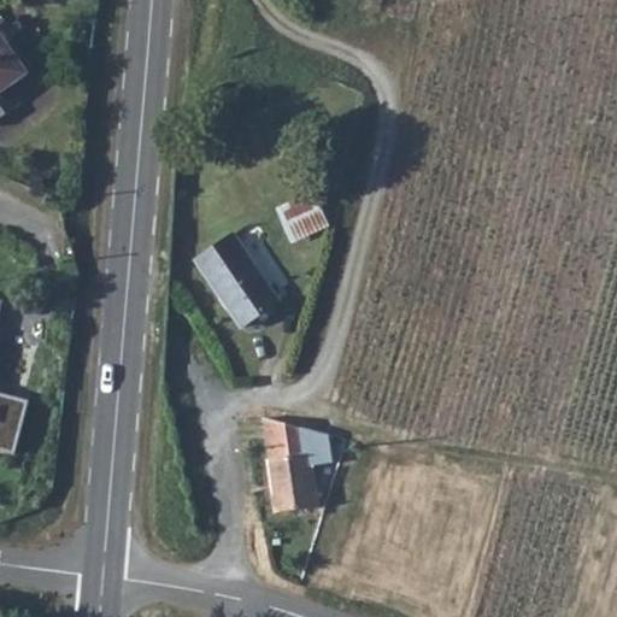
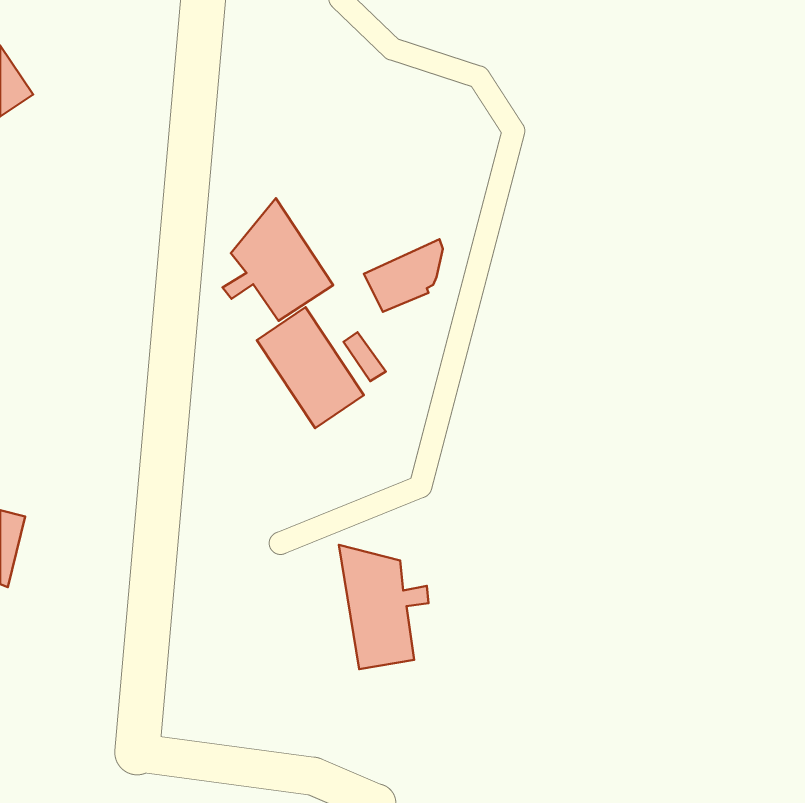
building: none -> [223,198,333,321]

